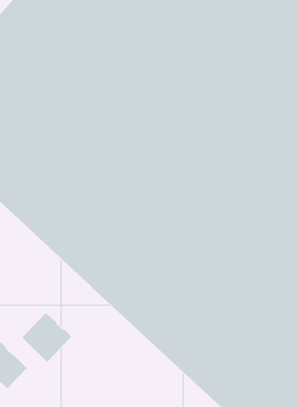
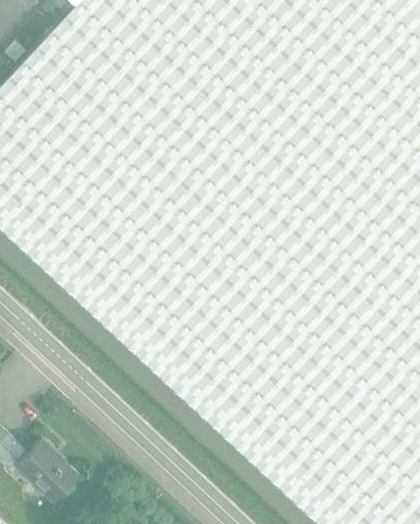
building: [22,312,72,363] -> none

